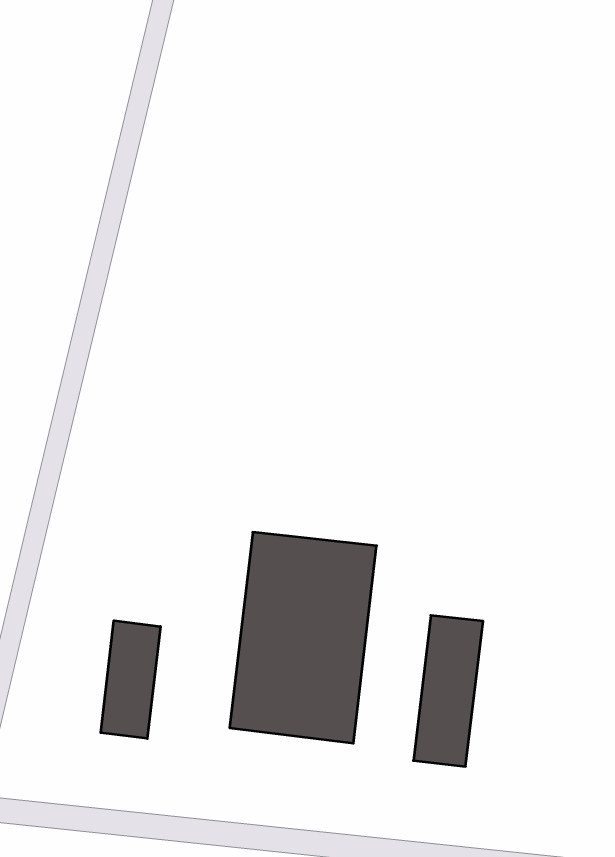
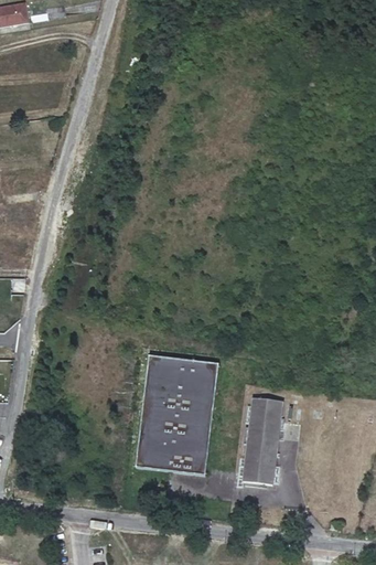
building: [101,621,160,739] -> none

